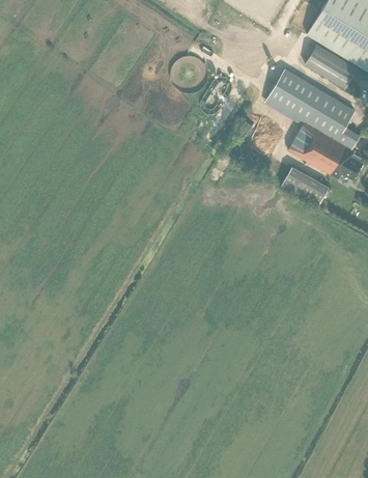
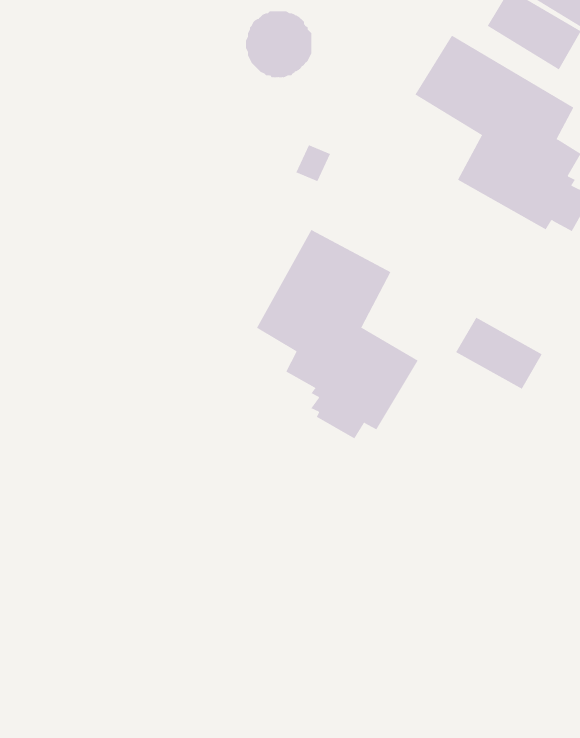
building: [281,166,330,206] -> [455,317,543,389]
building: none -> [256,229,419,439]

